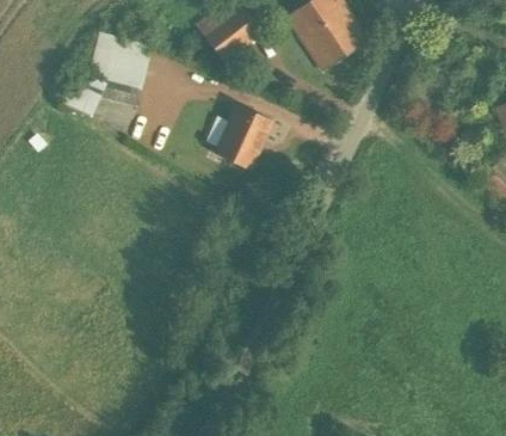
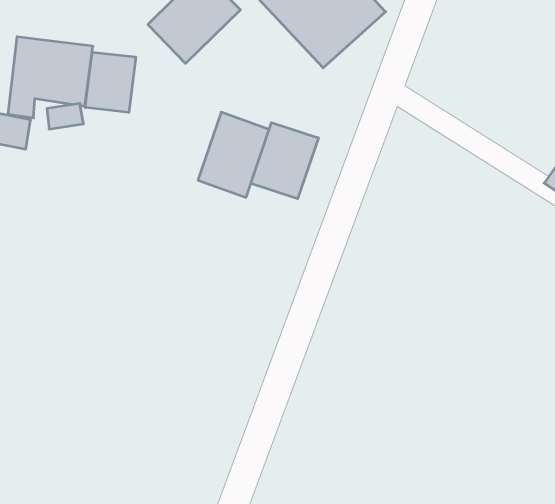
building: none -> [85,52,136,112]
building: none -> [251,123,318,199]

